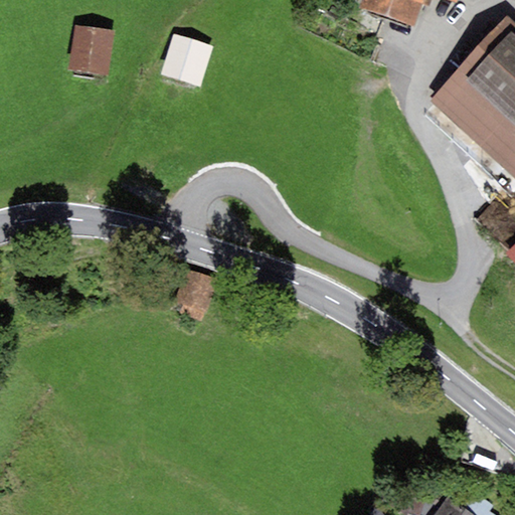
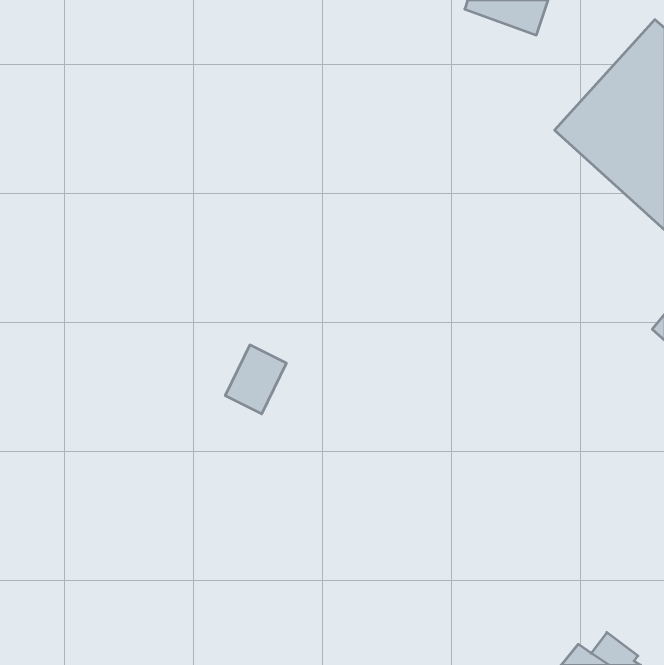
building: [69,24,116,75] -> none
building: [161,34,213,87] -> none

